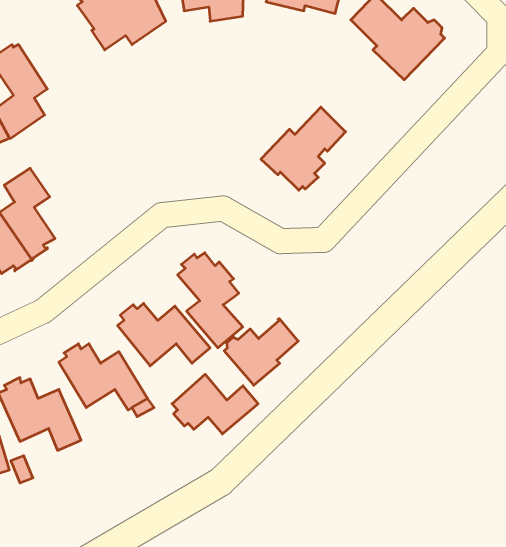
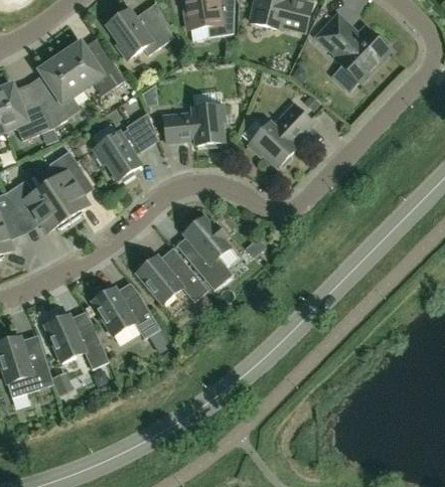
building: none -> [59,40,124,95]
building: none -> [162,103,222,146]
building: none -> [92,112,157,180]
building: [224,319,298,385] -> none
building: [172,374,258,434] -> none

